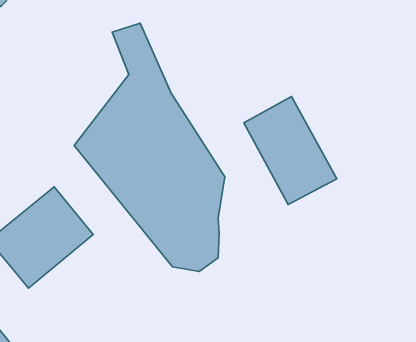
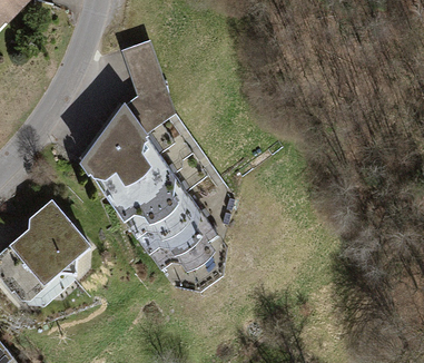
building: [244,97,337,204] -> none

